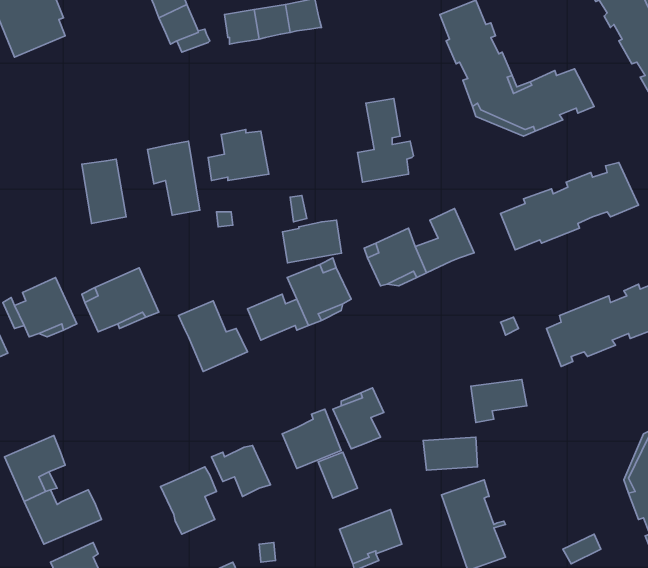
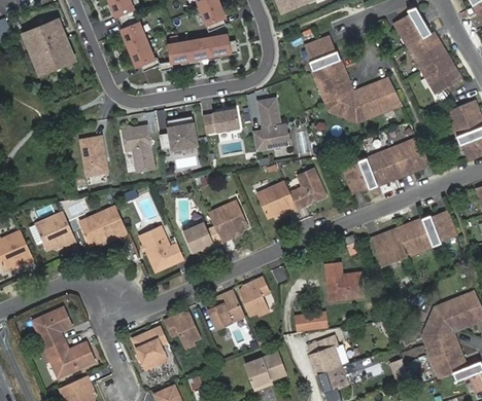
building: [282,220,342,263] -> [203,108,240,135]

